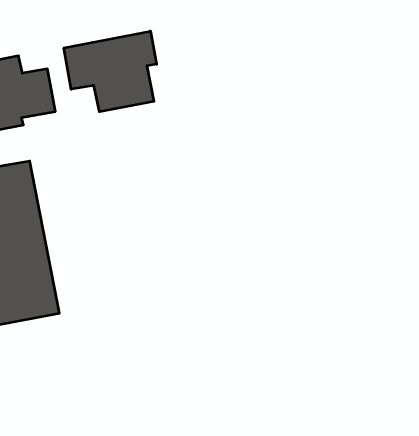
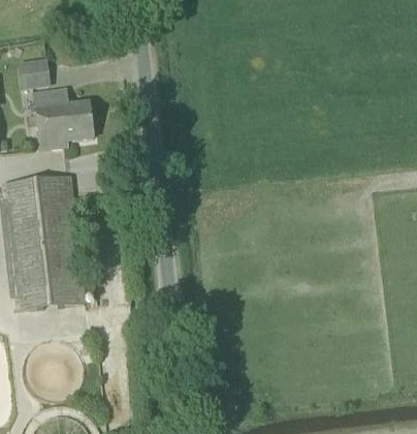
building: [64,31,157,112] -> none

